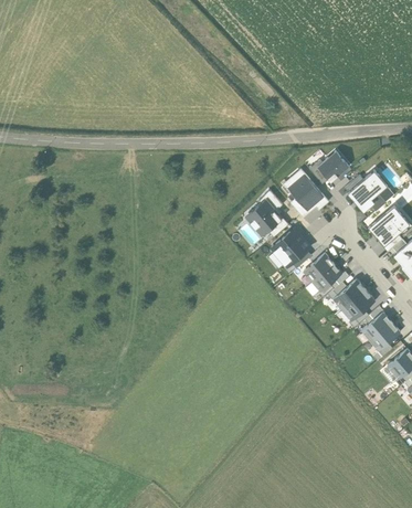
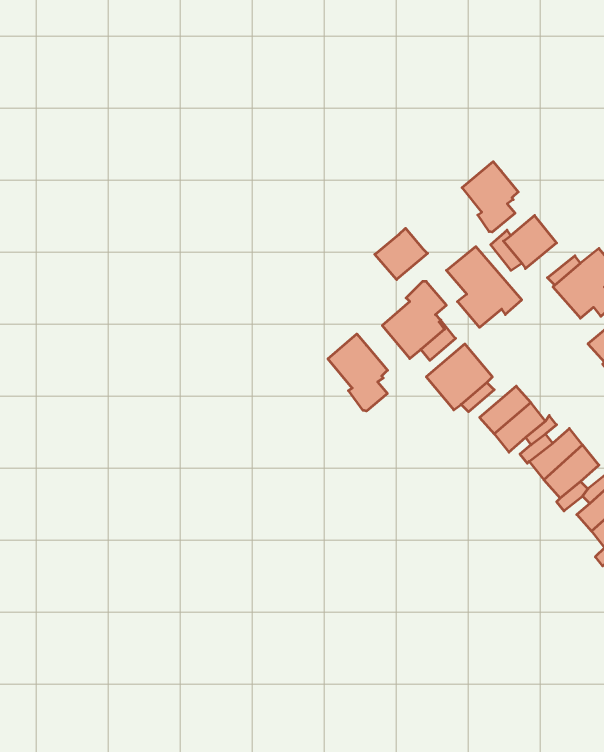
building: none -> [462,162,518,232]
building: none -> [375,228,428,280]
building: none -> [328,334,388,411]

